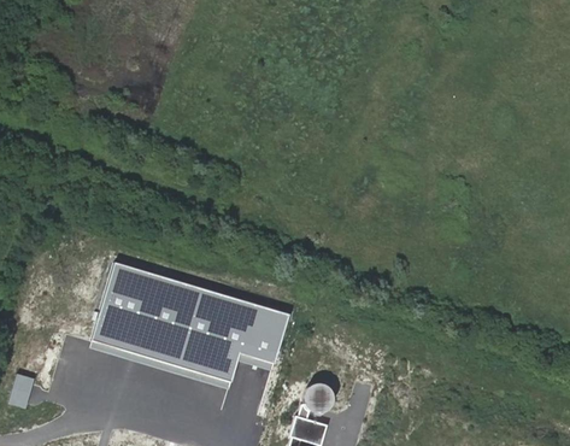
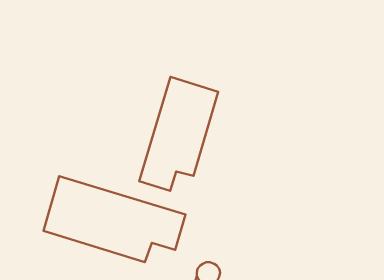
building: none -> [139,77,218,191]

